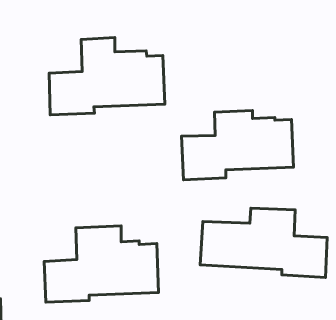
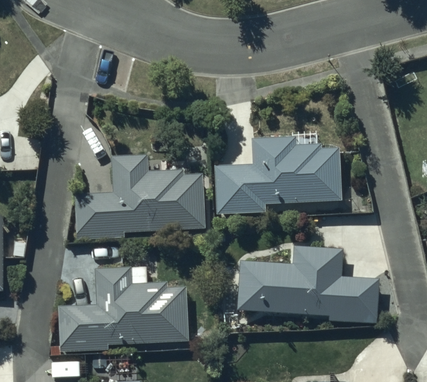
building: [49,38,165,115] -> [76,154,206,241]

